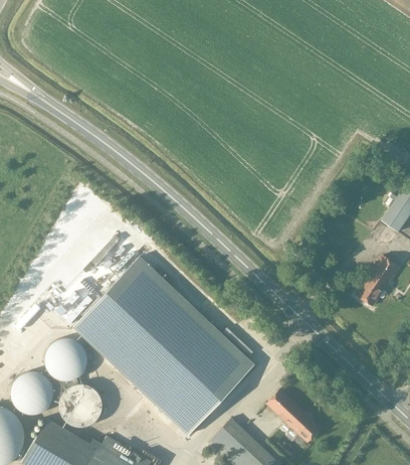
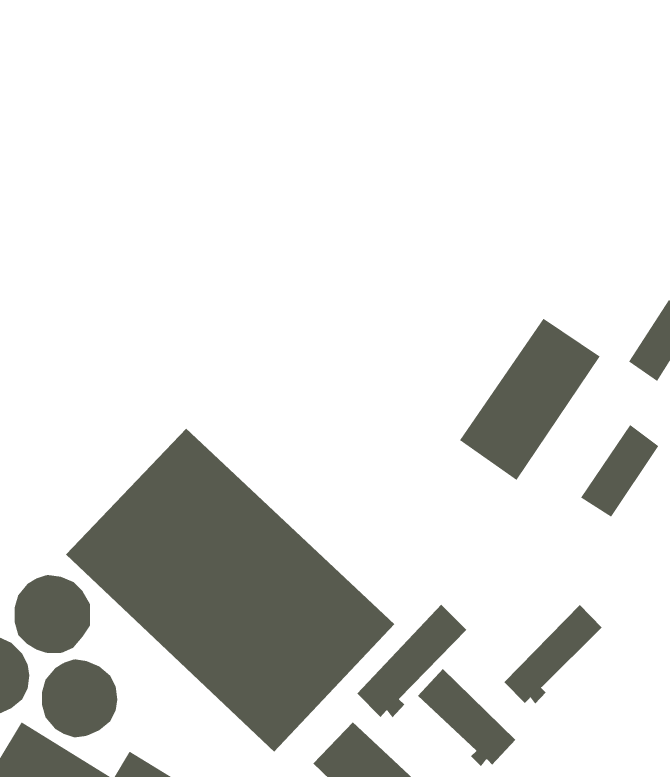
building: none -> [459,318,600,481]
building: none -> [356,604,467,718]
building: none -> [504,604,602,704]

